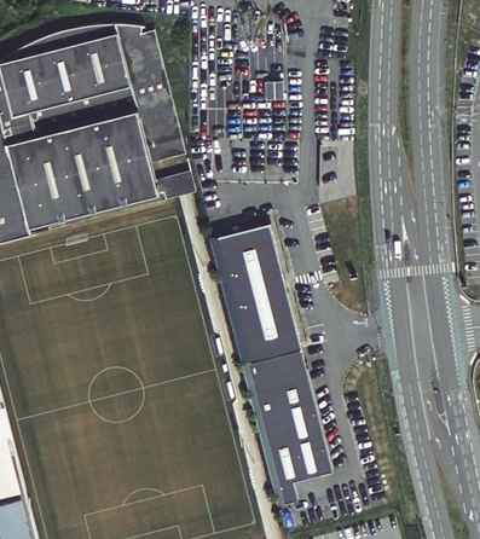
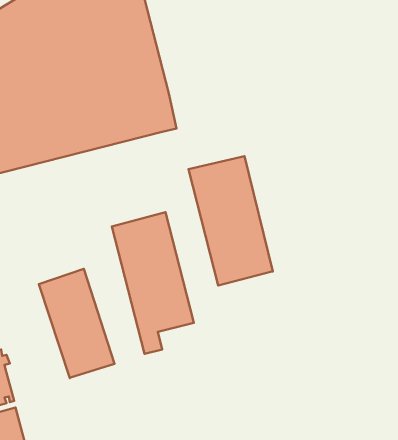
building: none -> [39,269,114,378]
building: [242,349,332,505] -> [112,212,194,354]

